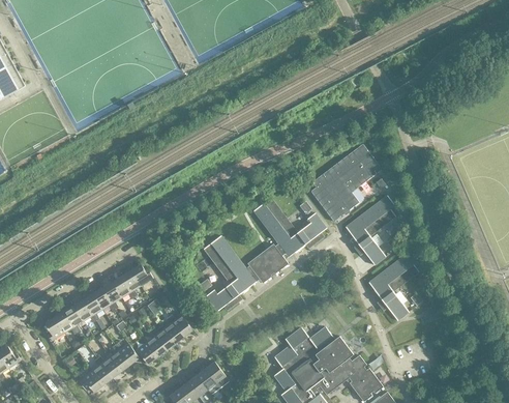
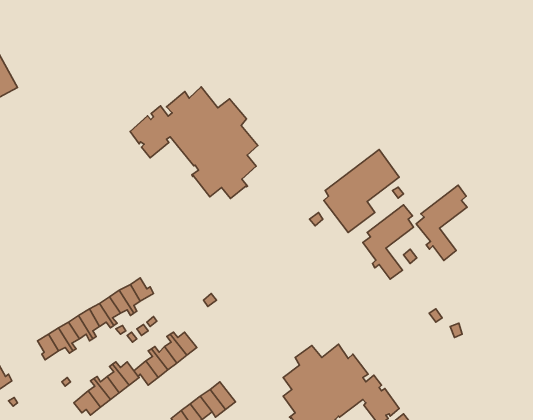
building: none -> [130,87,258,198]
building: [203,198,326,311] -> none
building: [370,251,418,321] -> [416,185,467,260]

